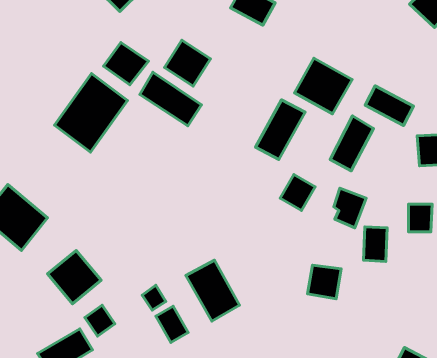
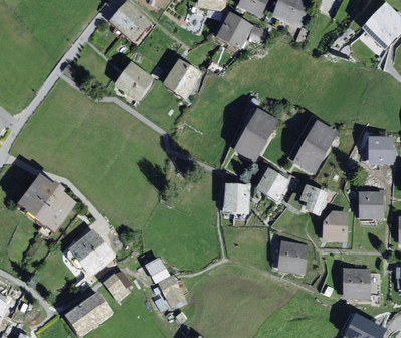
building: [294,58,352,114] -> none
building: [140,72,201,126] -> none
building: [55,73,128,152] -> none
building: [365,86,413,125] -> none
building: none -> [226,186,247,212]
building: [186,260,239,321] -> none
building: none -> [344,269,371,297]

